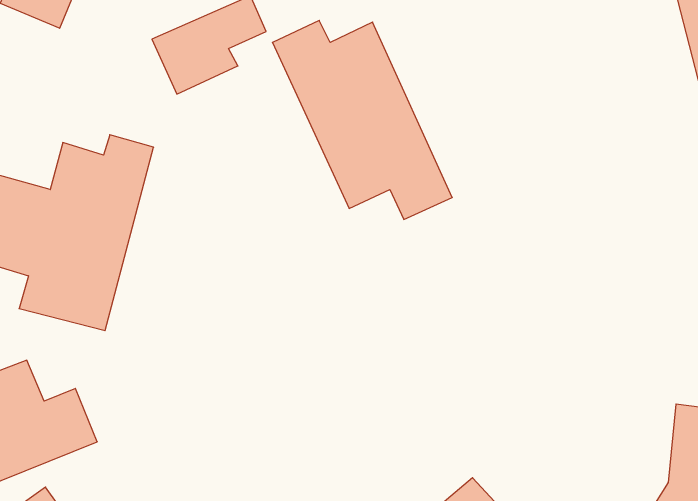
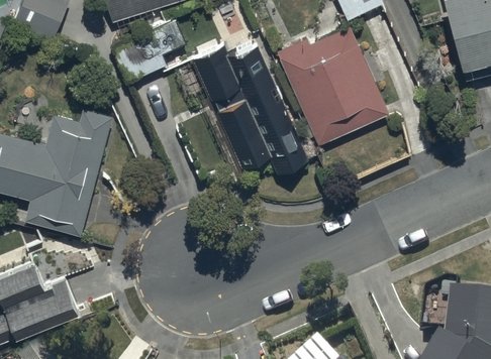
building: none -> [277,27,388,146]

